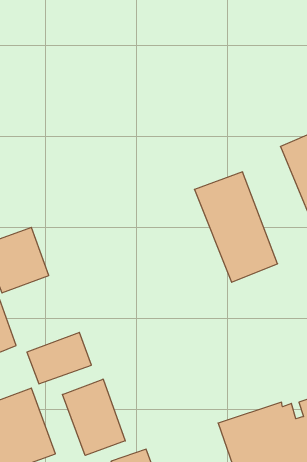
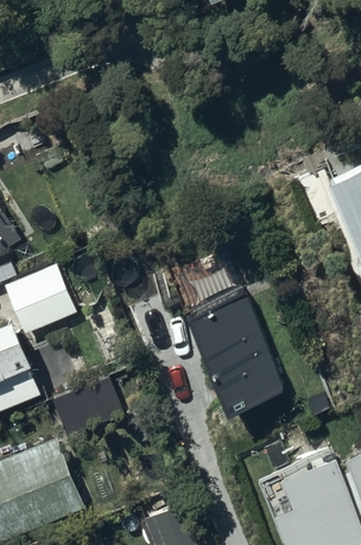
building: [194,172,278,282] -> [191,289,281,408]
building: [62,379,125,455] -> none

